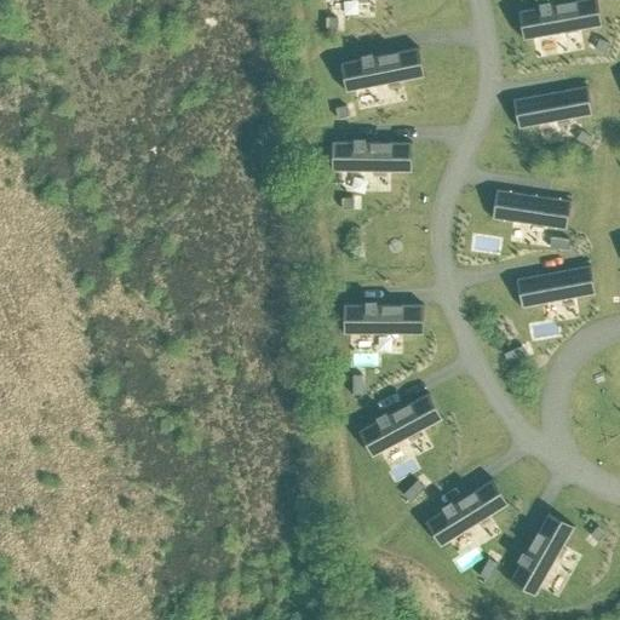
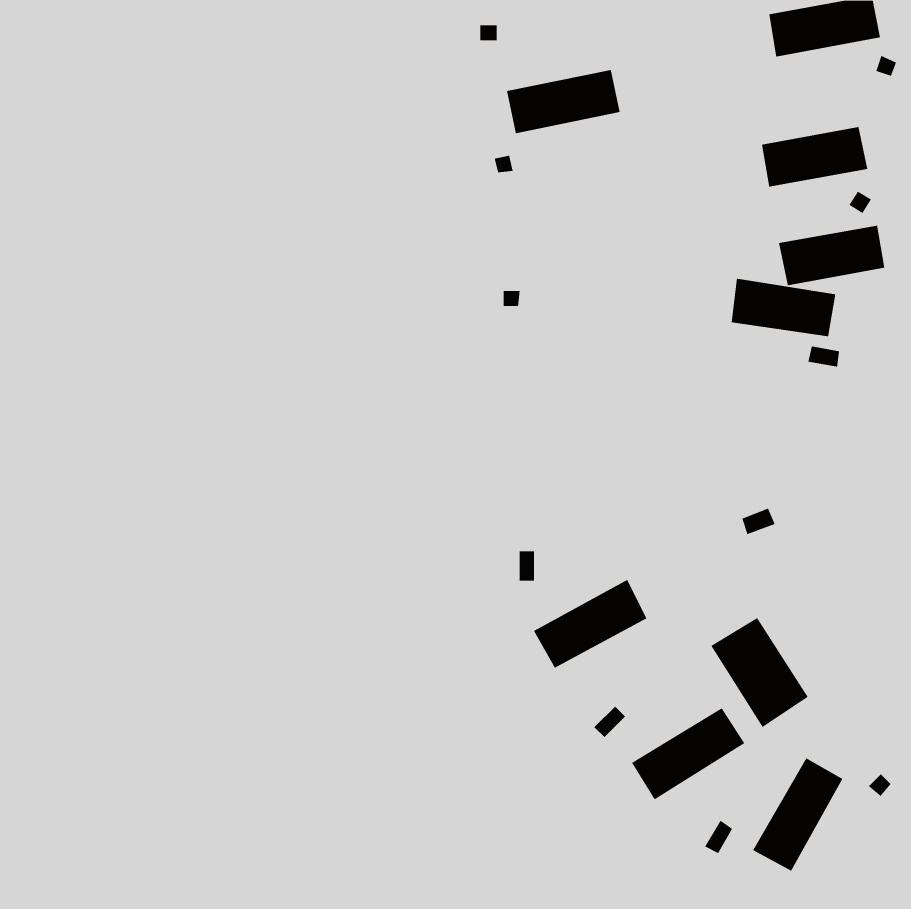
building: [337,143,408,173] -> none
building: [519,266,592,308] -> [778,225,885,286]
building: [348,305,420,334] -> none
building: none -> [711,617,809,728]

